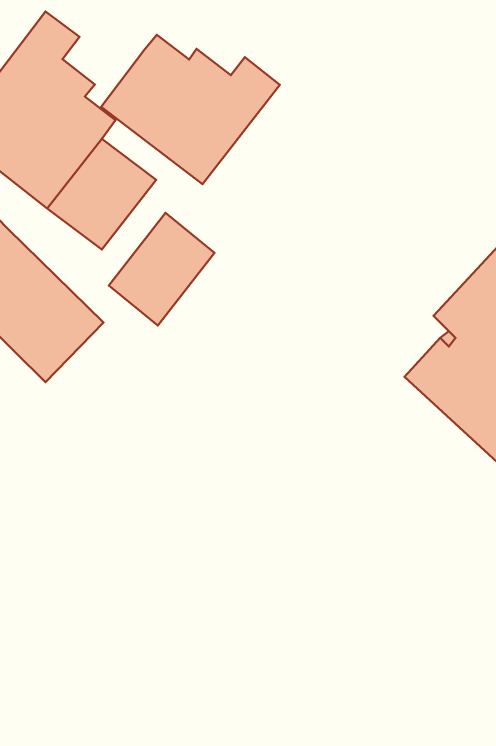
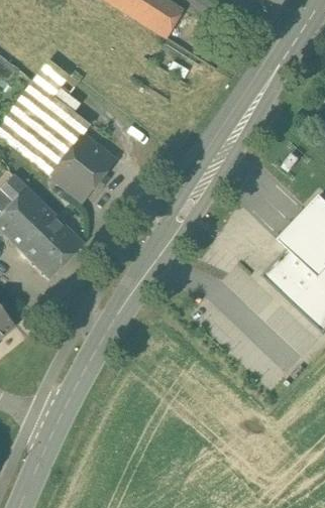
building: [101,35,280,184] -> none
building: [109,213,215,326] -> none

